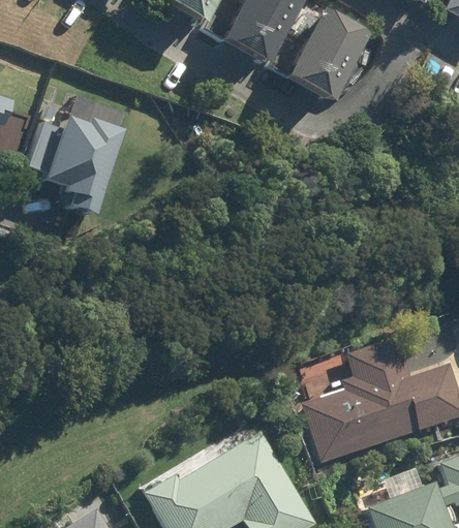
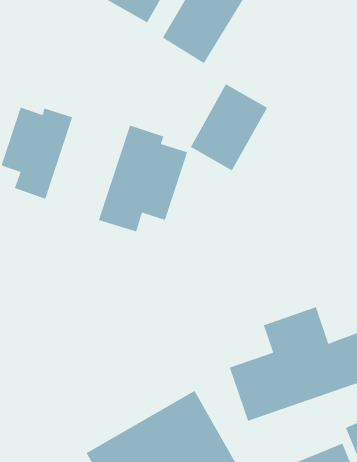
building: [287,7,373,104] -> [190,83,268,172]
building: none -> [98,124,188,232]

